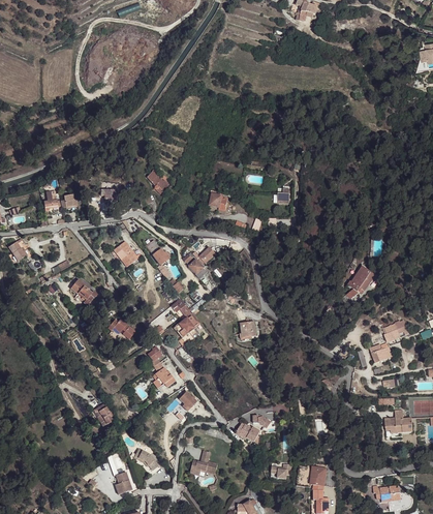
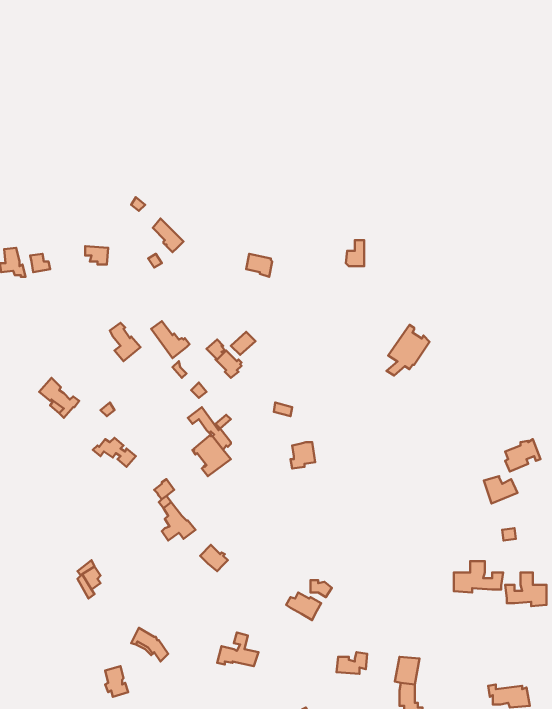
building: [346,264,375,298] -> [387,325,430,375]
building: none -> [454,561,503,592]

